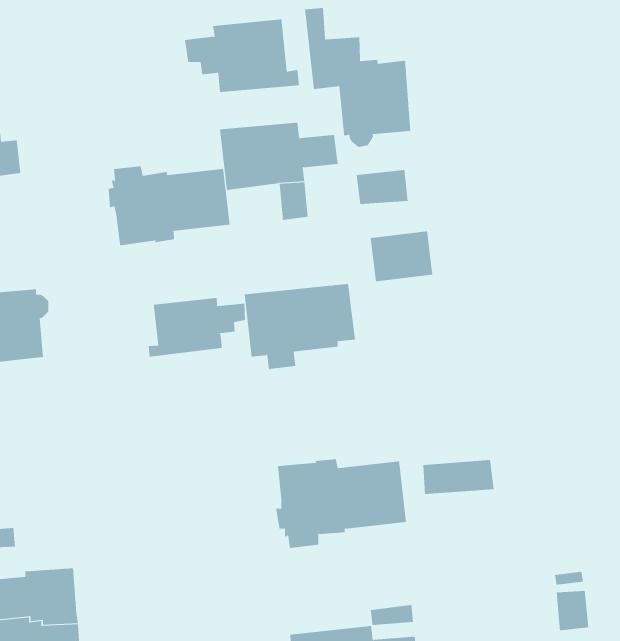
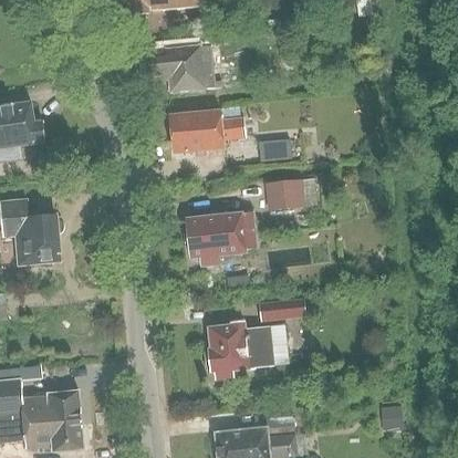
building: [305,7,411,148] -> none
building: [108,166,230,246] -> none
building: [148,297,246,358] -> none
building: [422,460,494,495] -> [259,298,304,320]

